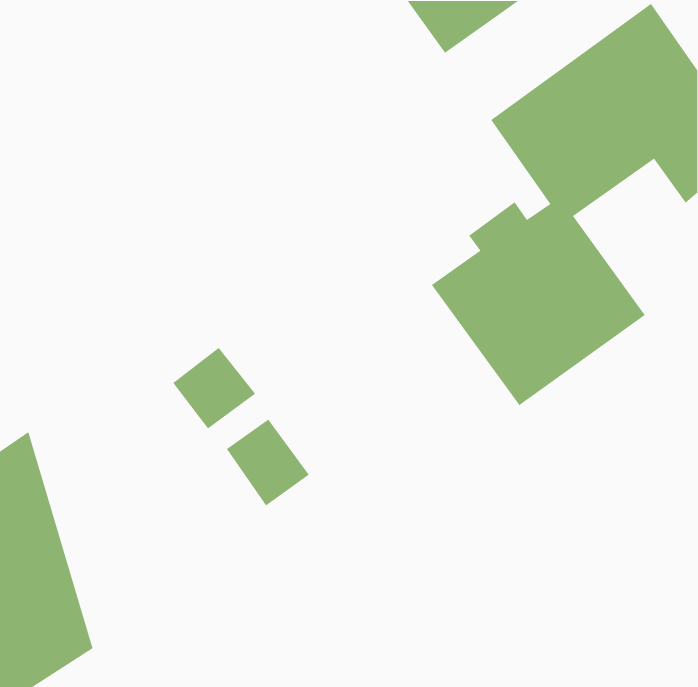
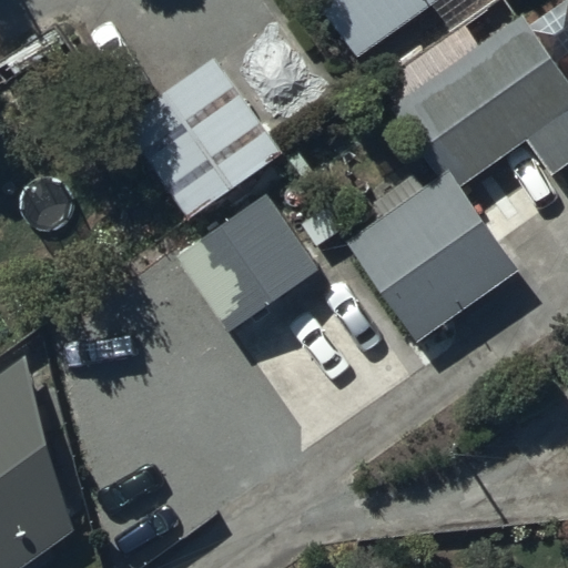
building: none -> [121,54,282,220]
building: none -> [179,193,320,328]

